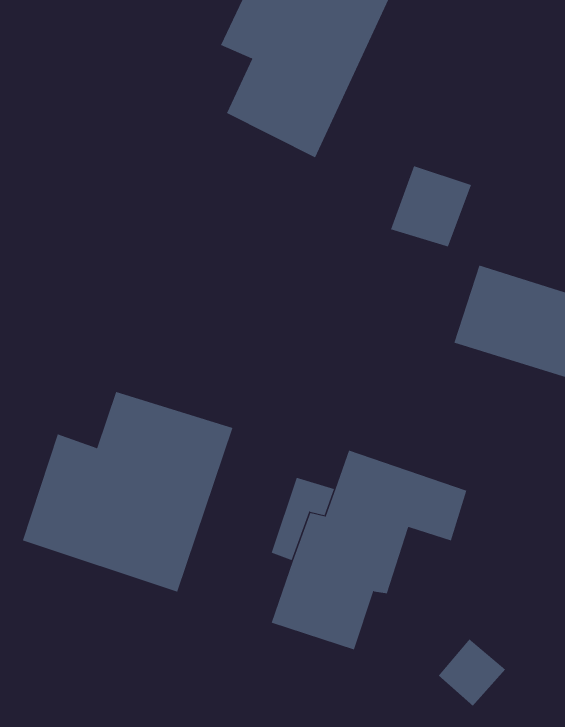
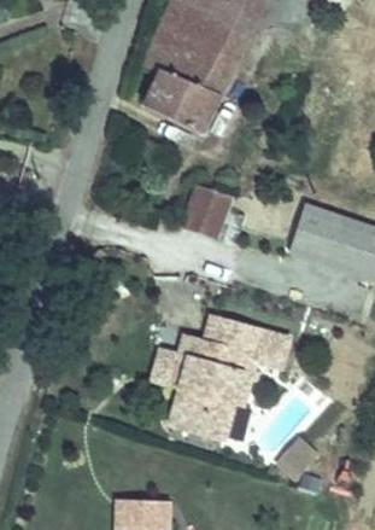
building: [390,165,472,247] -> [183,188,234,239]
building: [22,391,233,593] -> none

